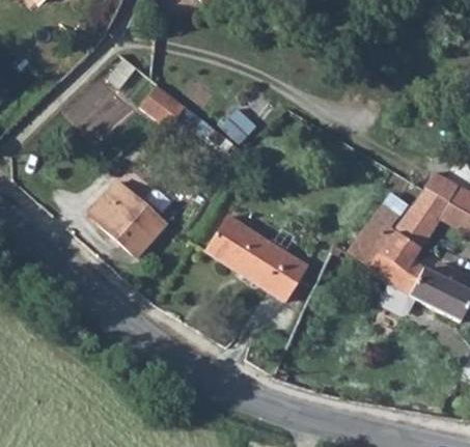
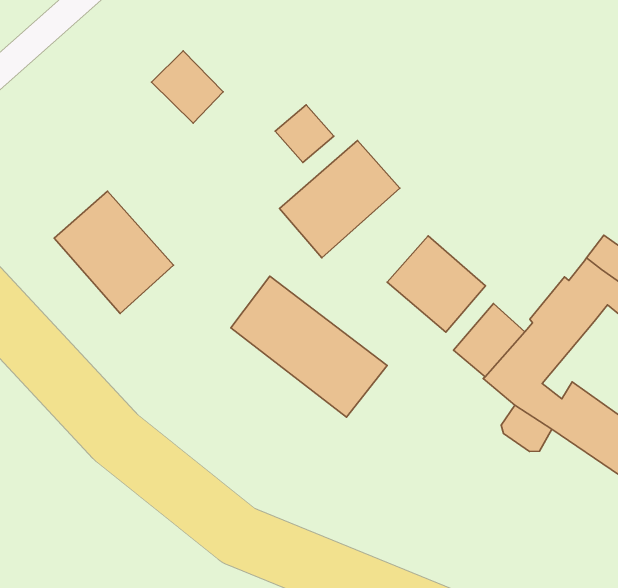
building: none -> [279,140,400,258]
building: none -> [387,236,485,332]

